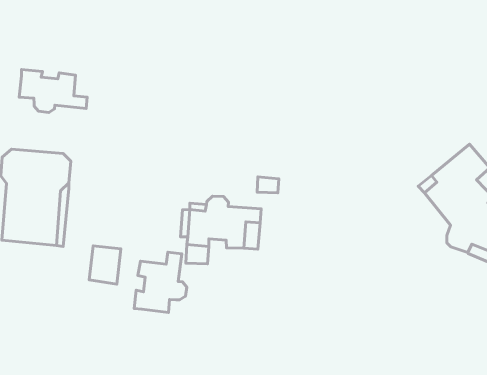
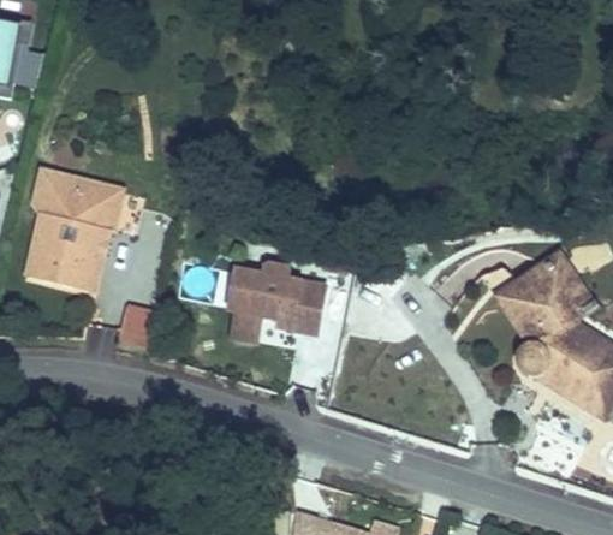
building: [19,70,87,112] -> none
building: [134,252,187,313] -> none

